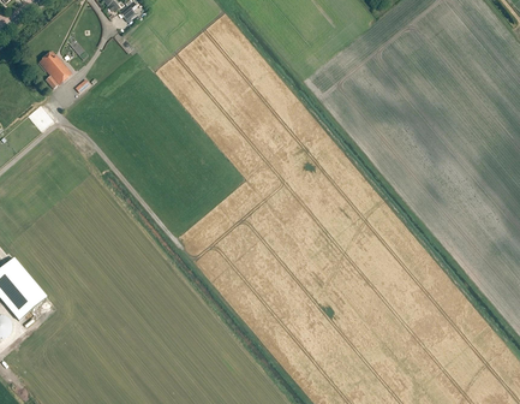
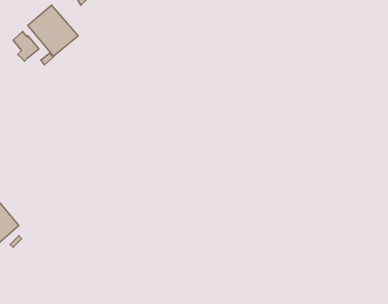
building: none -> [28,5,78,56]

